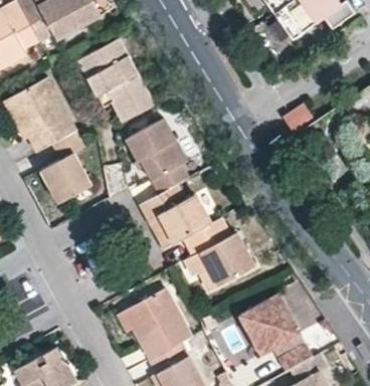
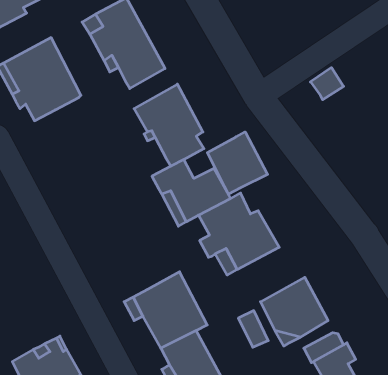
building: [40,130,91,203] -> none
building: none -> [207,132,268,194]

